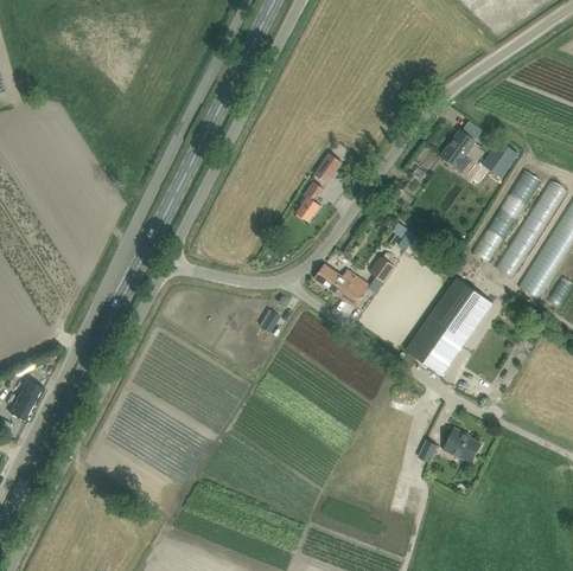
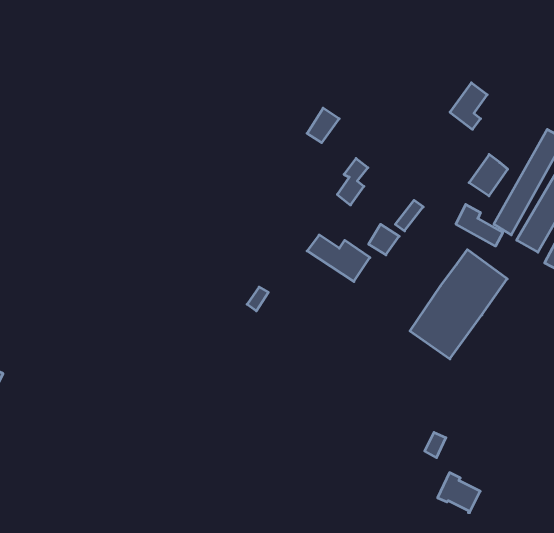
building: [482,139,516,175] -> [469,154,508,196]
building: [295,179,323,220] -> [337,158,368,205]
building: none -> [456,204,503,246]
building: [443,425,480,461] -> [438,473,480,513]

